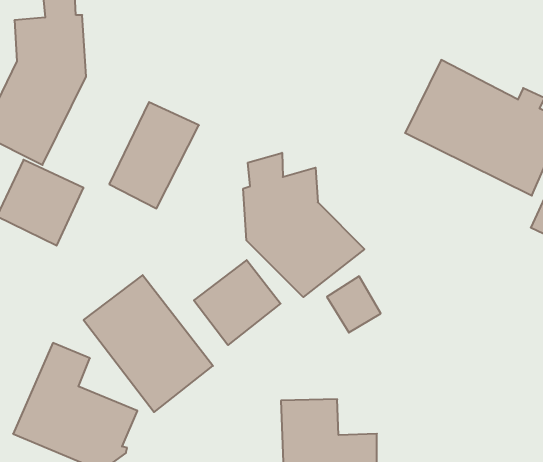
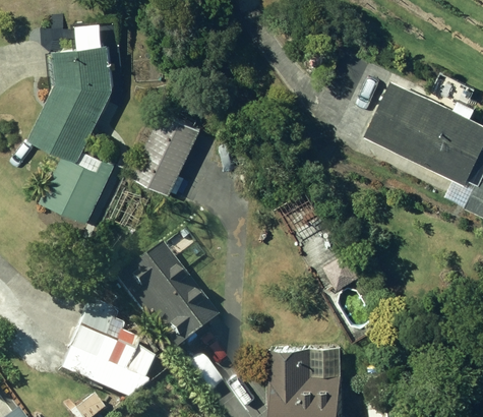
building: [243,153,364,297] -> none
building: [194,260,281,345] -> none

